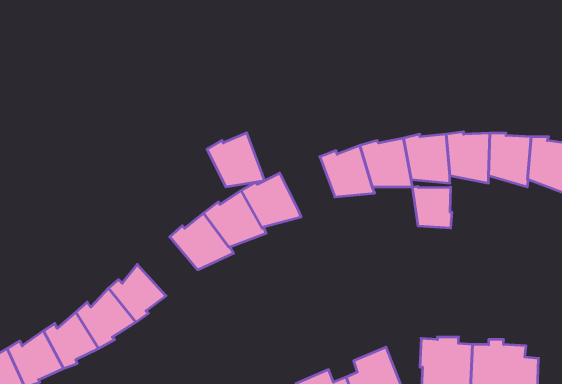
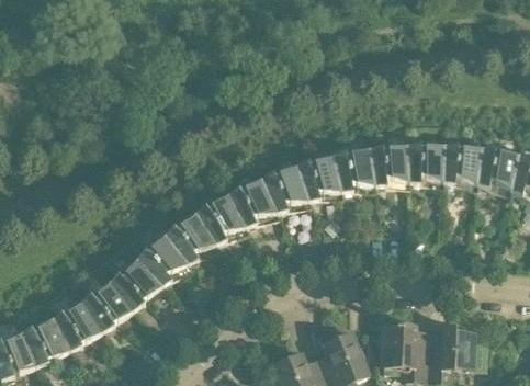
building: [207,133,264,187] -> [259,163,309,211]
building: [412,186,452,228] -> none
building: none -> [134,234,191,285]

